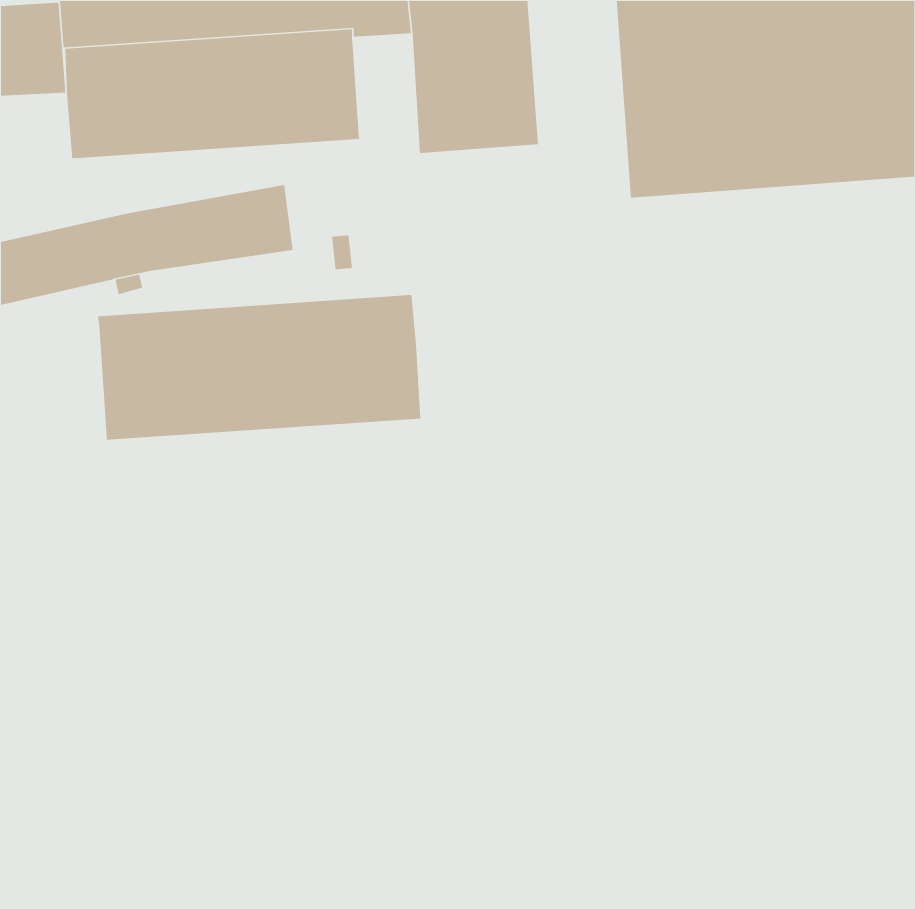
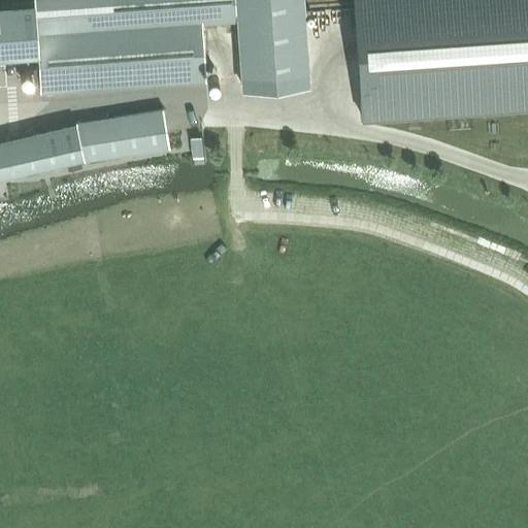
building: [97,294,421,441] -> none

